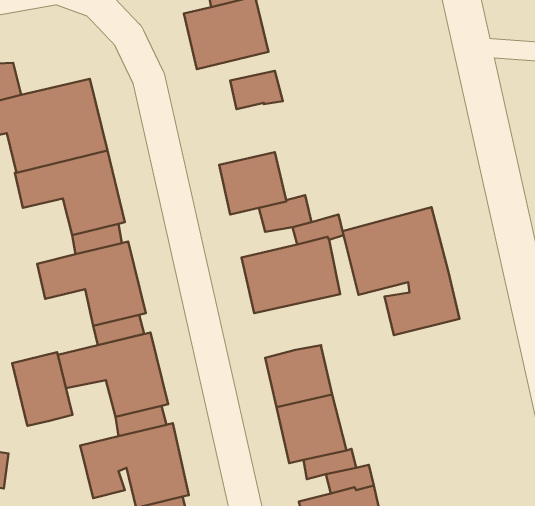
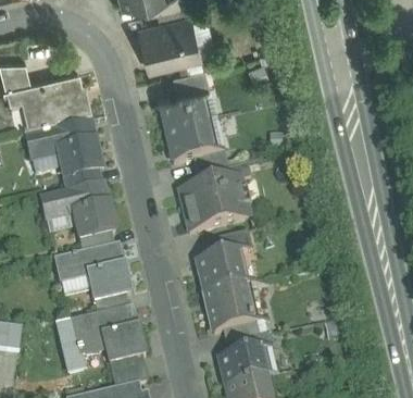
building: none -> [157,85,202,127]
building: [343,207,460,335] -> none
building: none -> [212,228,251,253]
building: [12,352,72,426] -> none

